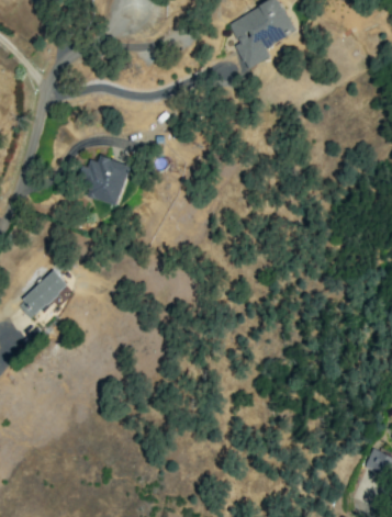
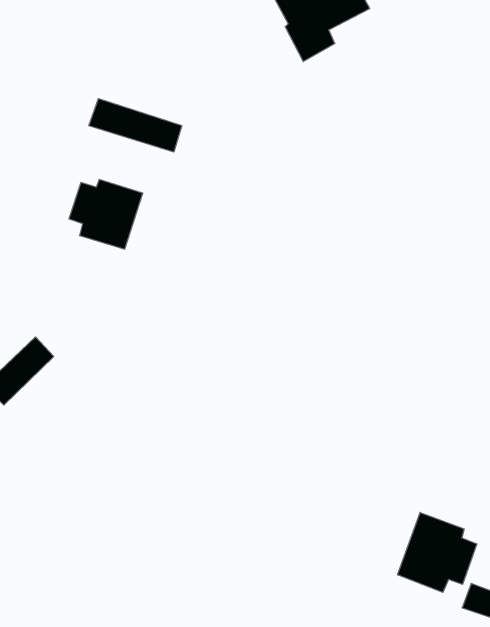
building: none -> [89,99,182,152]
building: none -> [398,512,477,592]

